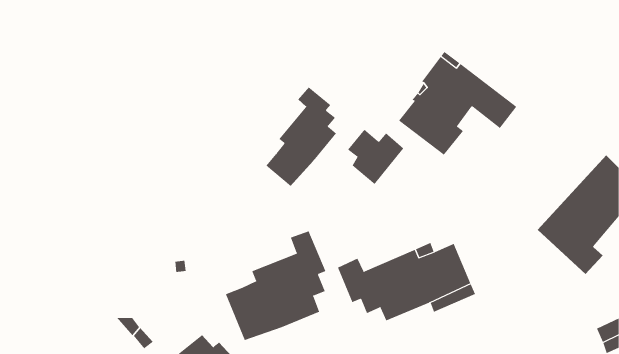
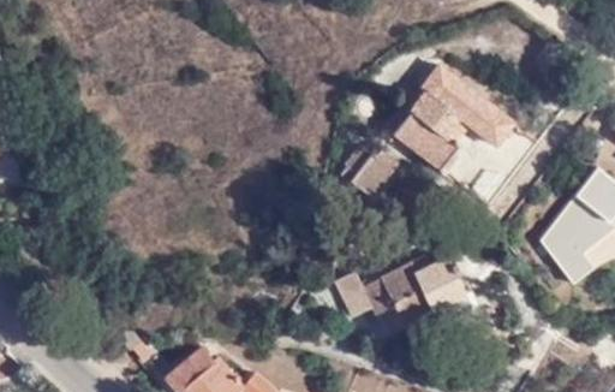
building: [265,86,337,187] -> none
building: [225,231,326,341] -> none

